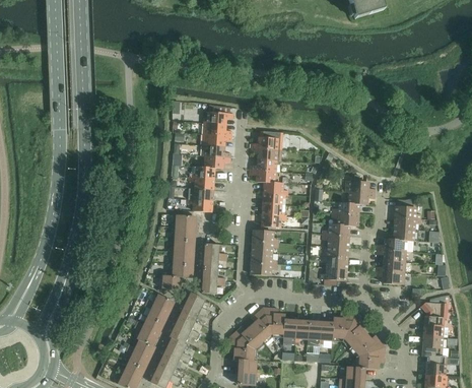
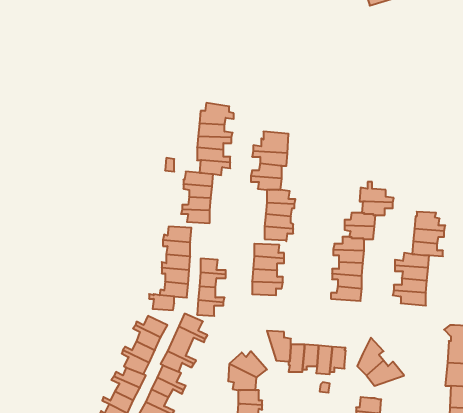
building: [249,307,271,341] -> none
building: [332,312,355,338] -> none
building: [358,346,385,369] -> none

